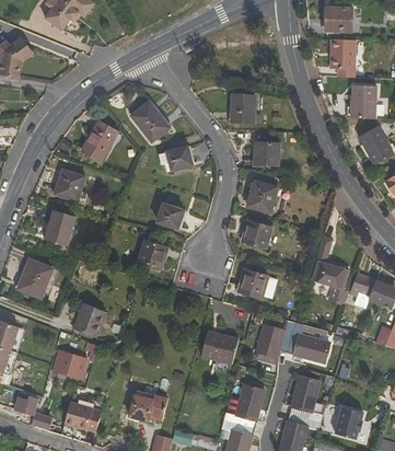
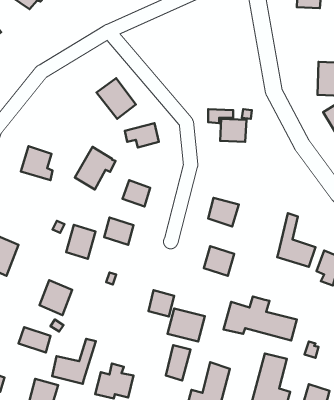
building: [330,38,356,78] -> none
building: [230,94,255,122] -> none
building: [81,119,121,162] -> [75,147,115,190]
building: [247,180,278,212] -> none
building: [46,210,75,244] -> [66,225,96,259]
building: none -> [148,290,174,316]
building: none -> [52,339,96,384]
building: none -> [166,345,191,380]

